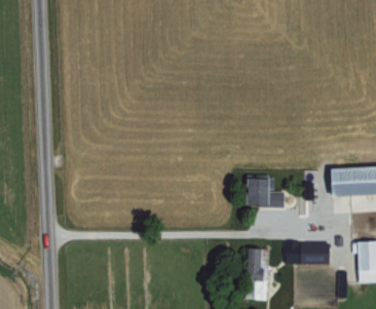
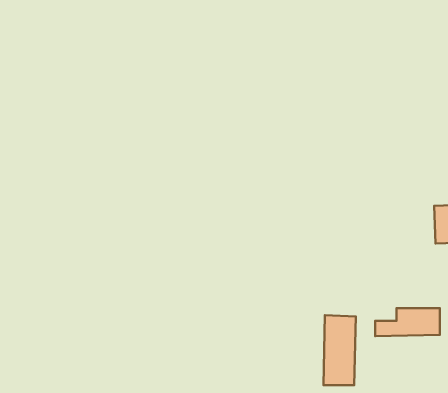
building: [245,178,286,206] -> none

